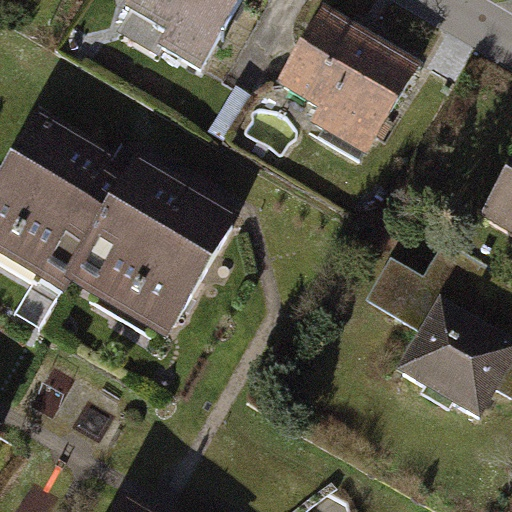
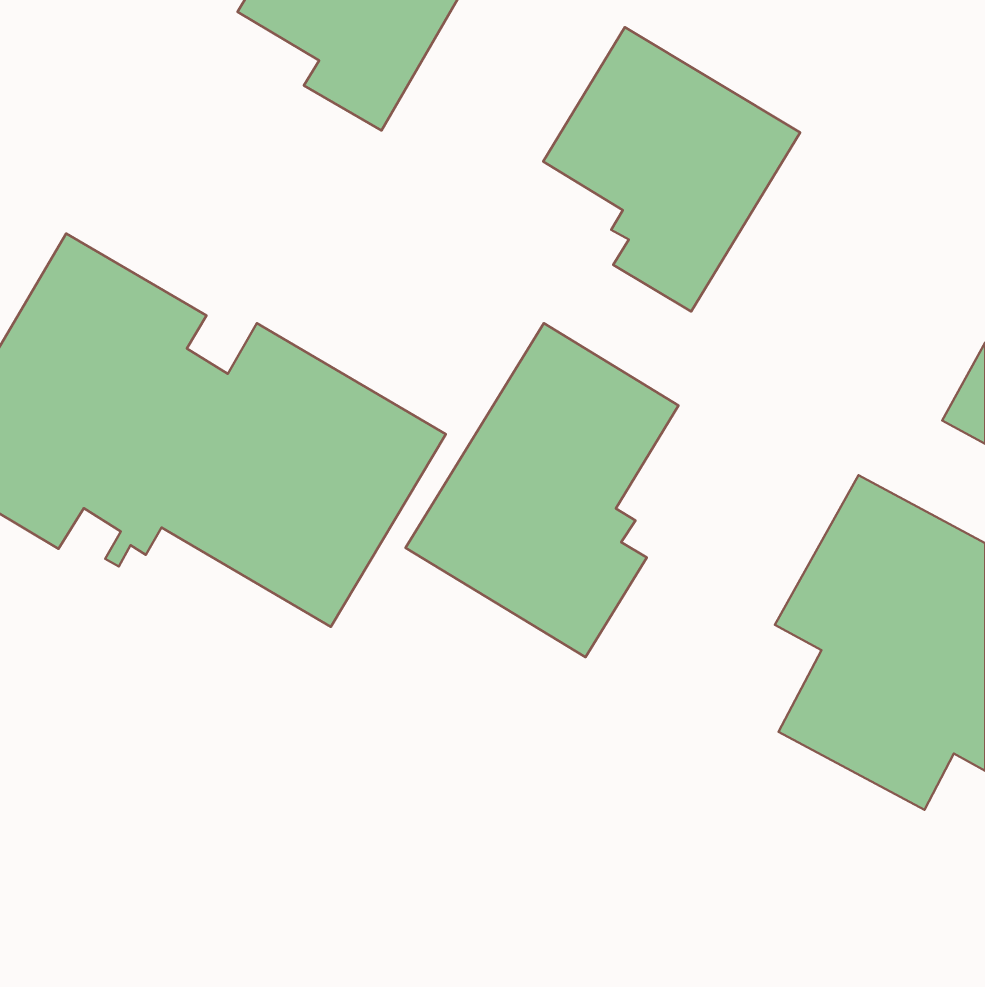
building: none -> [406,323,679,657]

